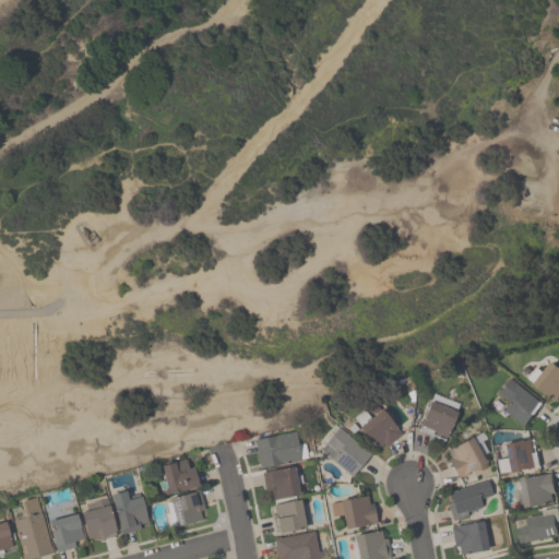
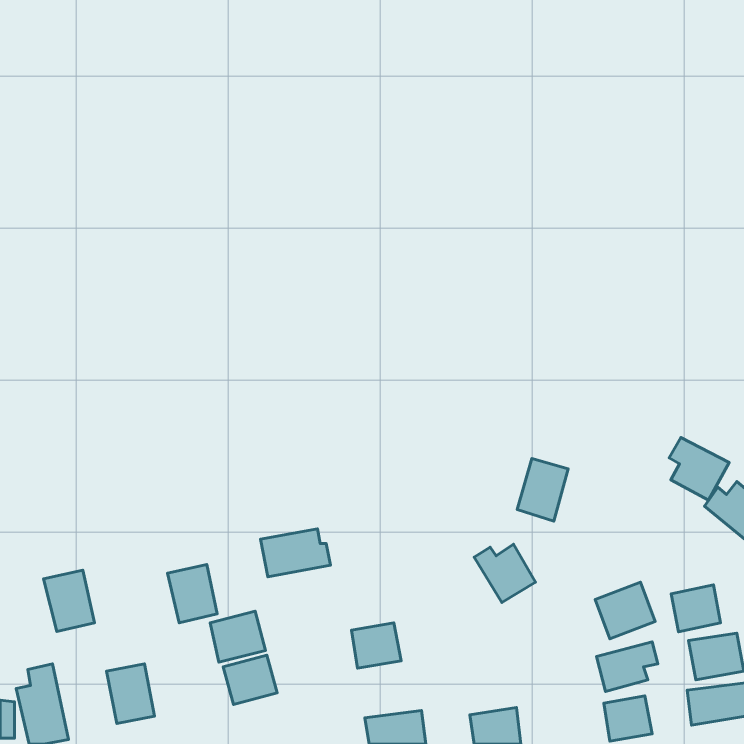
building: [499,379,544,426] -> [669,438,729,500]
building: [421,394,460,441] -> [517,458,568,521]
building: [321,427,372,476] -> none
building: [255,432,308,468] -> [260,529,331,577]
building: [112,490,150,534] -> [167,564,217,623]
building: [332,495,378,528] -> none
building: [273,499,308,533] -> none
building: [47,506,85,551] -> [44,570,95,631]

